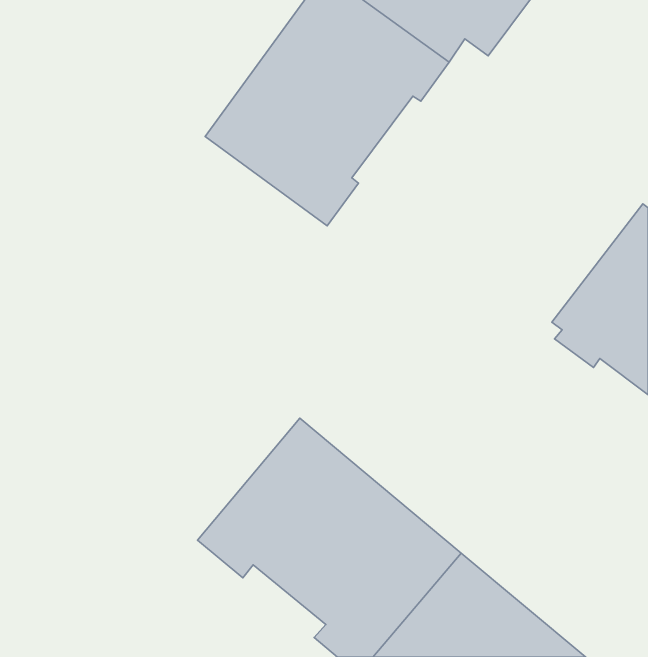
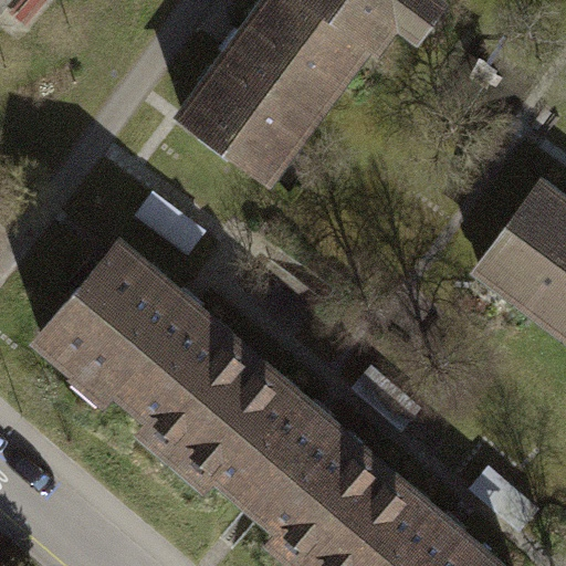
building: none -> [31,241,255,460]

